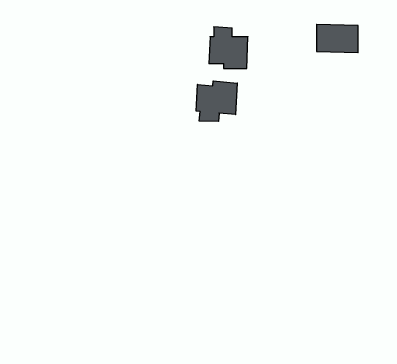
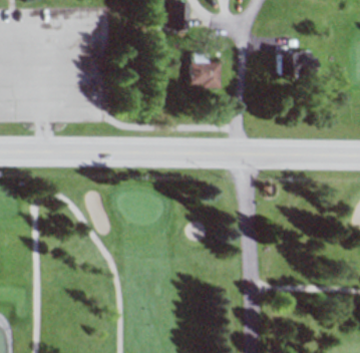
building: [196,81,237,121] -> none

